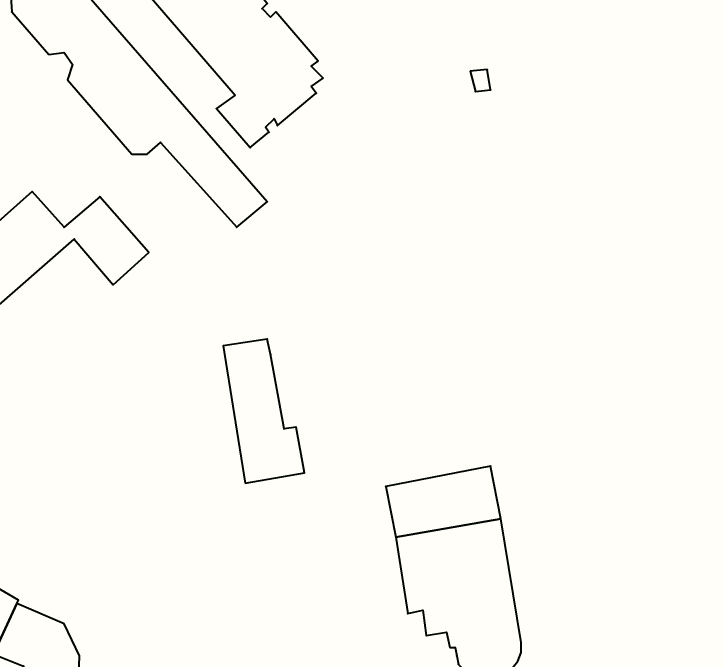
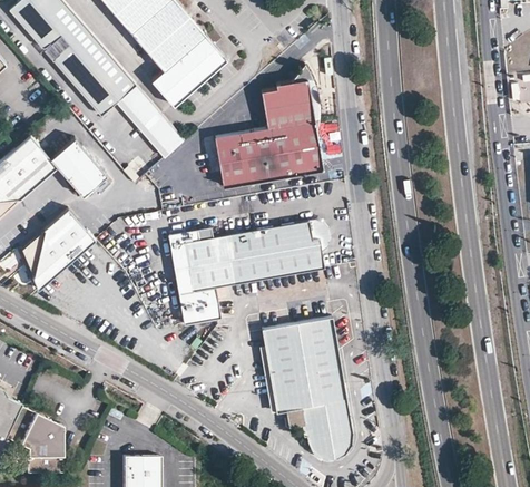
building: none -> [215,64,323,186]
building: none -> [23,208,96,290]
building: none -> [186,220,335,291]

